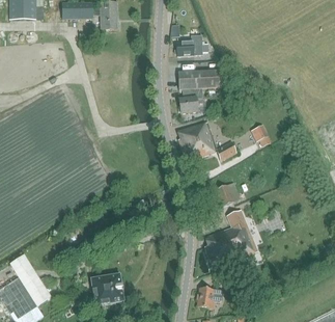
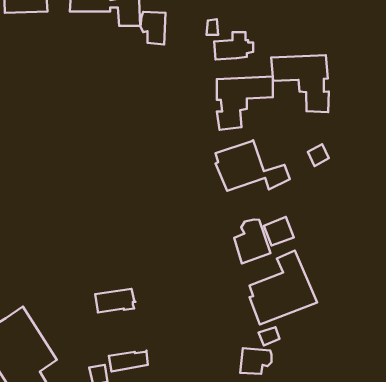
building: none -> [141,12,165,45]
building: none -> [271,55,329,112]
building: none -> [234,219,271,263]
building: [90,274,122,293] -> [95,289,135,312]

